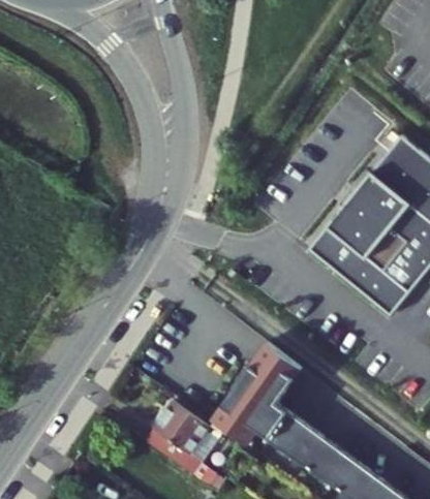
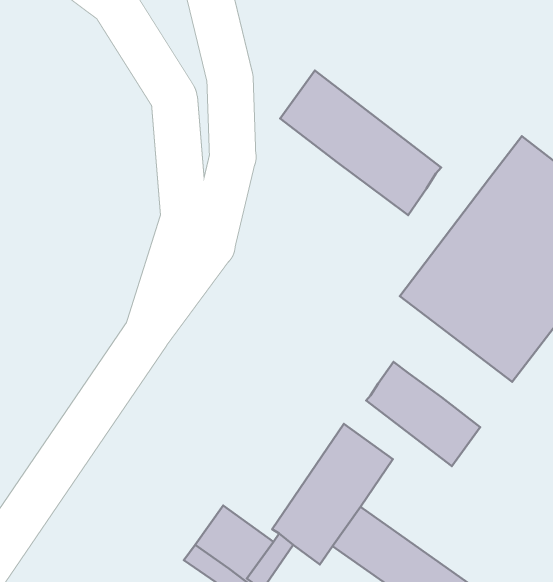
building: none -> [280,71,441,215]
building: none -> [366,362,480,466]

